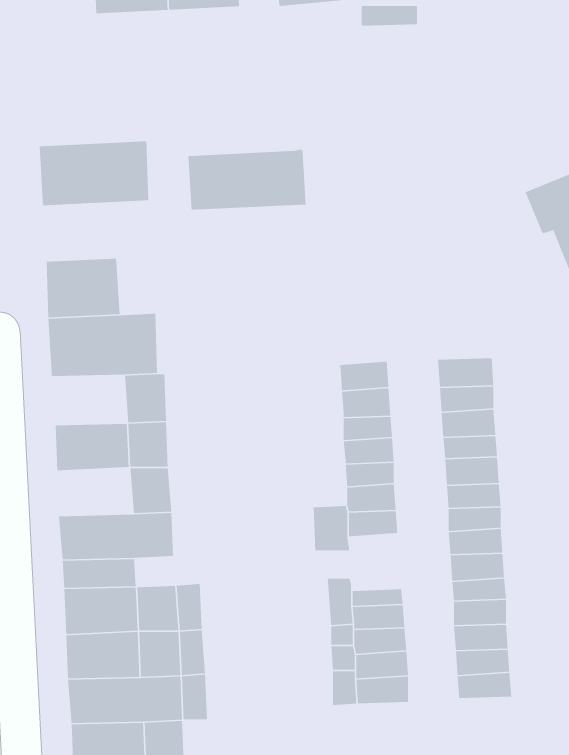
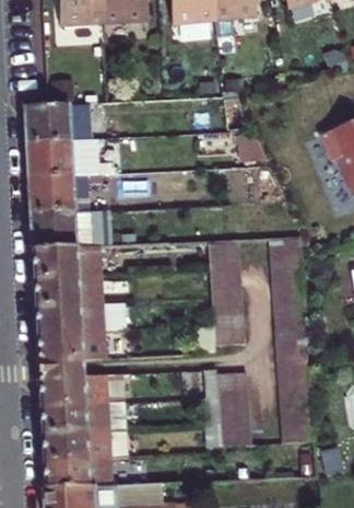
building: [187,148,307,211] -> [26,139,99,177]
building: none -> [32,247,79,278]
building: none -> [35,304,82,334]

